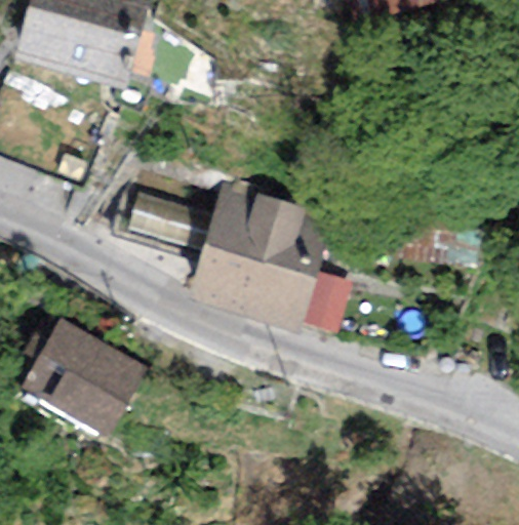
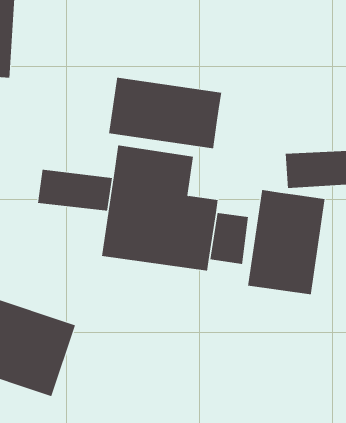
building: none -> [109,77,222,149]
building: none -> [248,189,325,295]

